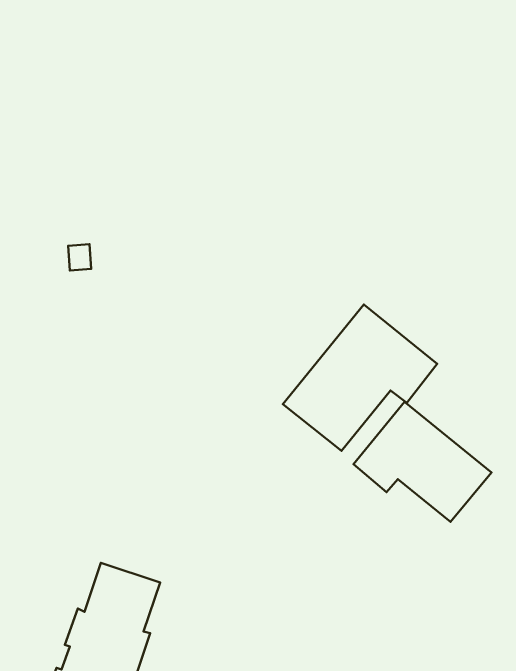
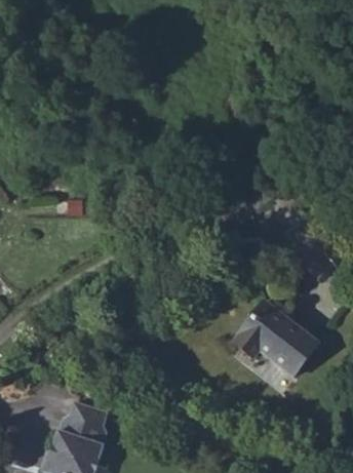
building: [283,305,437,451] -> none

